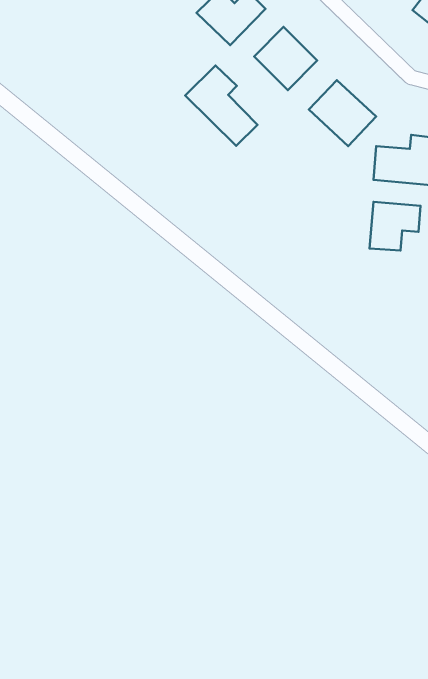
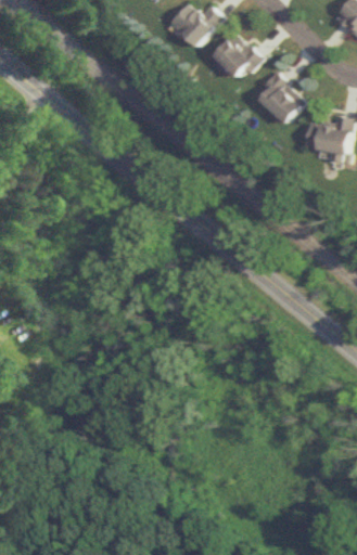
building: [185,65,258,146] -> none
building: [369,202,420,251] -> none

